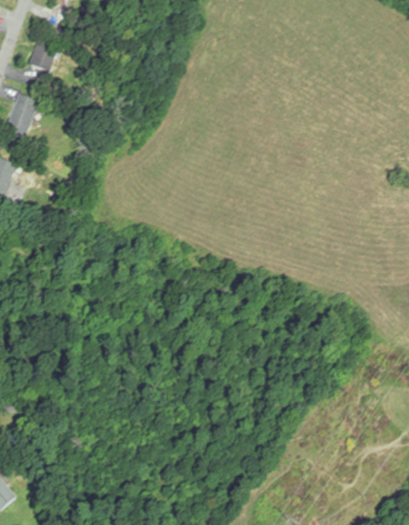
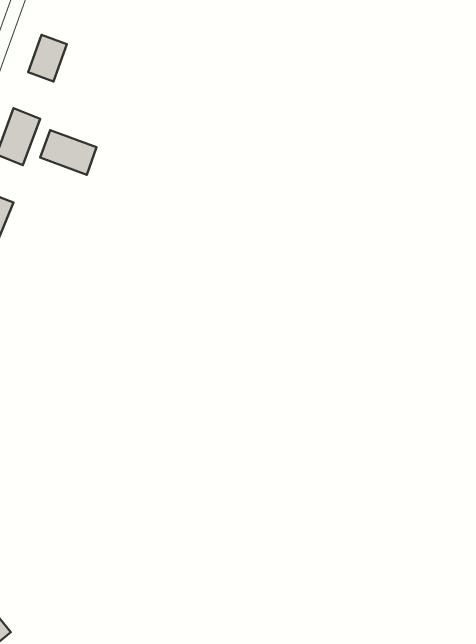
building: none -> [40,130,97,175]

